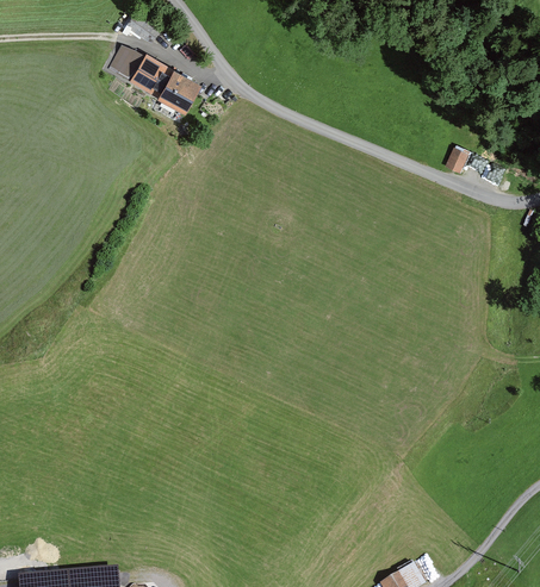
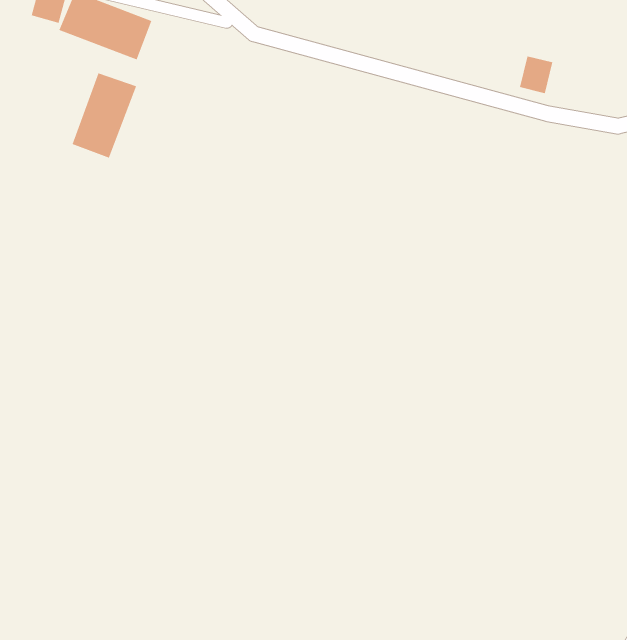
building: none -> [72,73,137,159]

